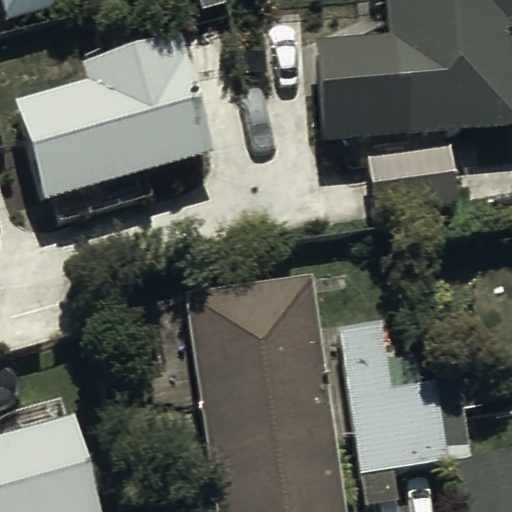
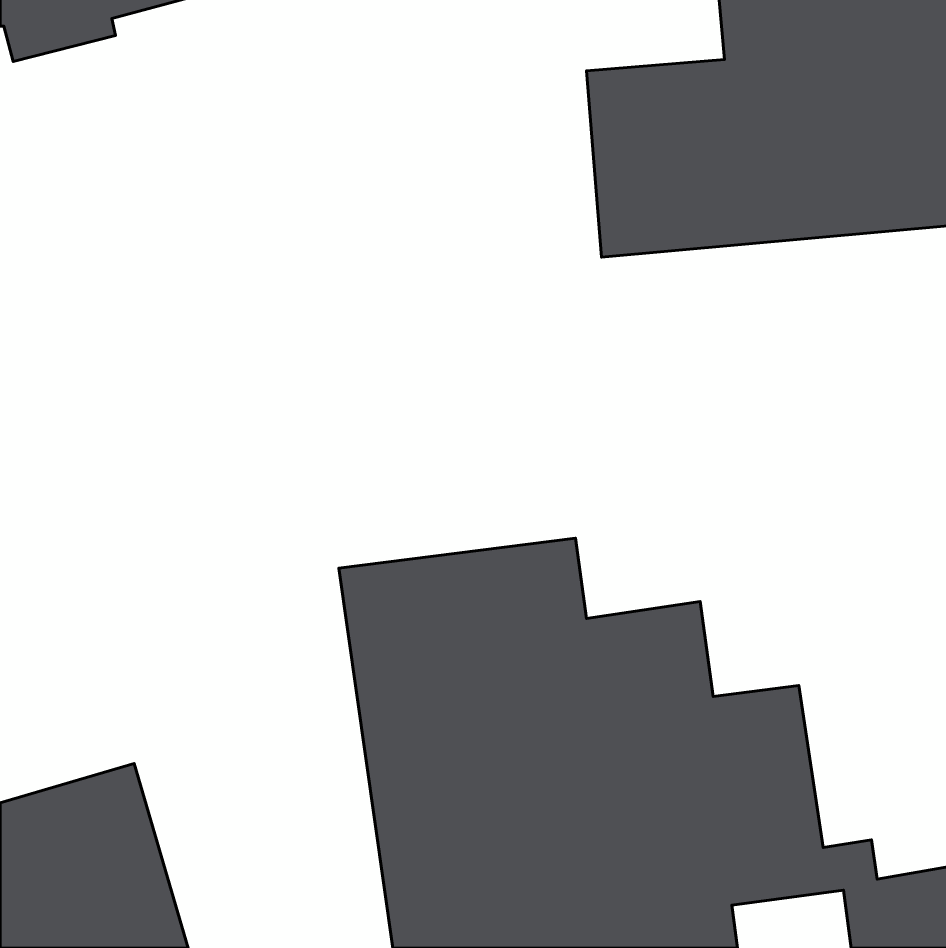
building: [17,29,217,198] -> none

